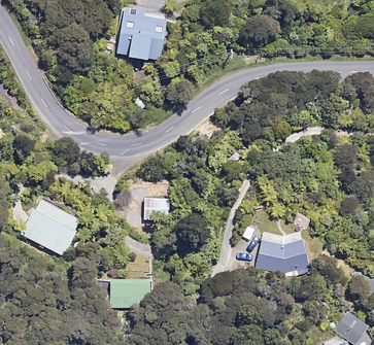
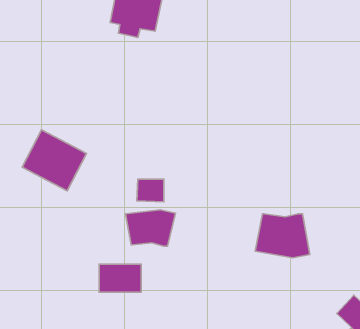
building: [18,197,79,255] -> [22,130,87,191]
building: none -> [126,210,176,246]

